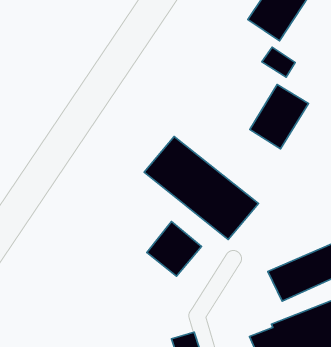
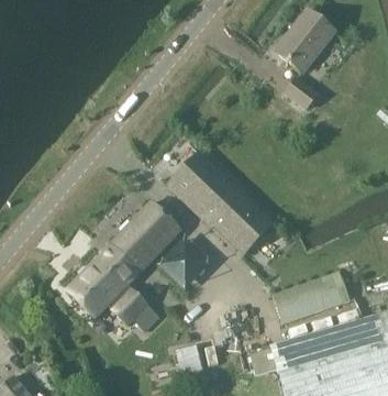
building: [250,85,309,149] -> none
building: none -> [66,201,181,331]

